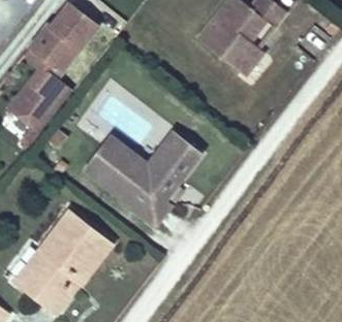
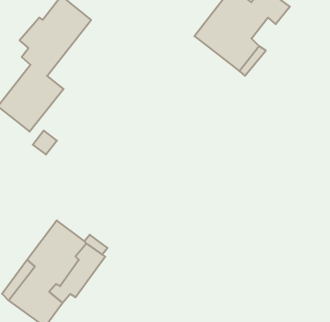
building: [86,132,199,223] -> none

